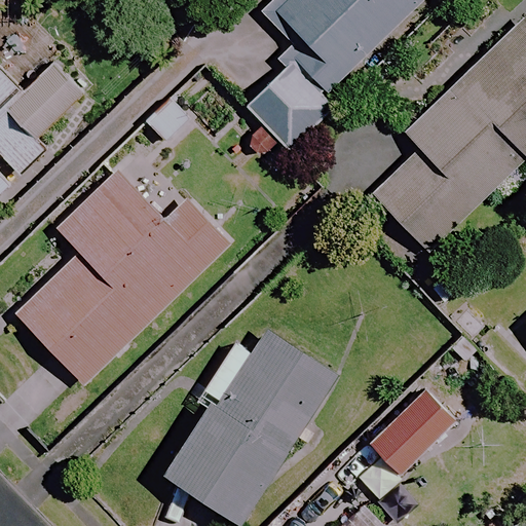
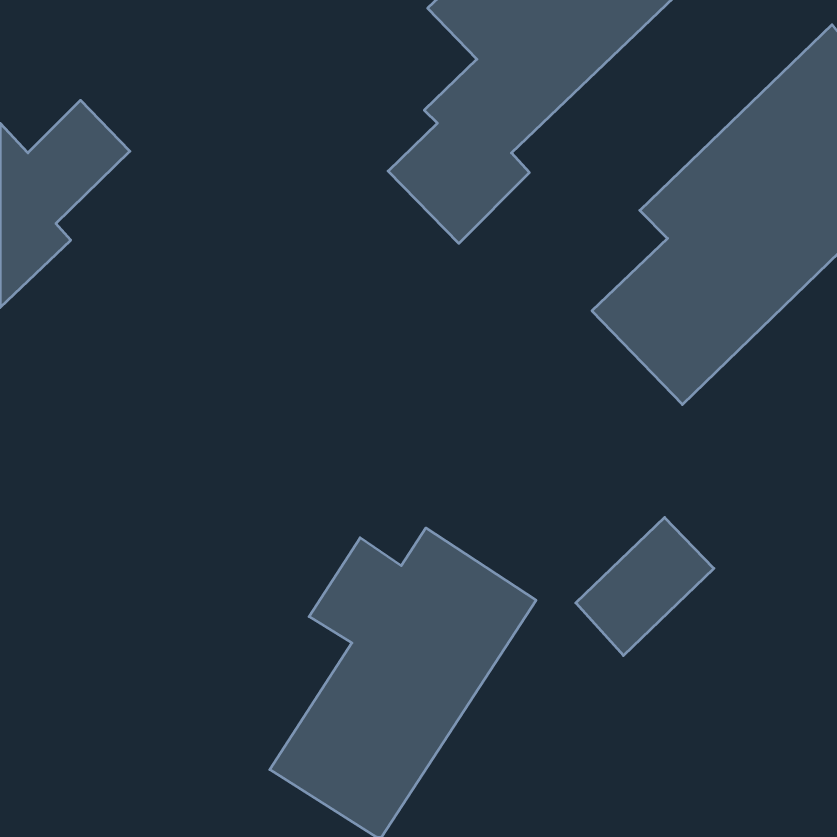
building: [15,172,230,384] -> none
building: [369,389,455,476] -> [576,517,714,656]

